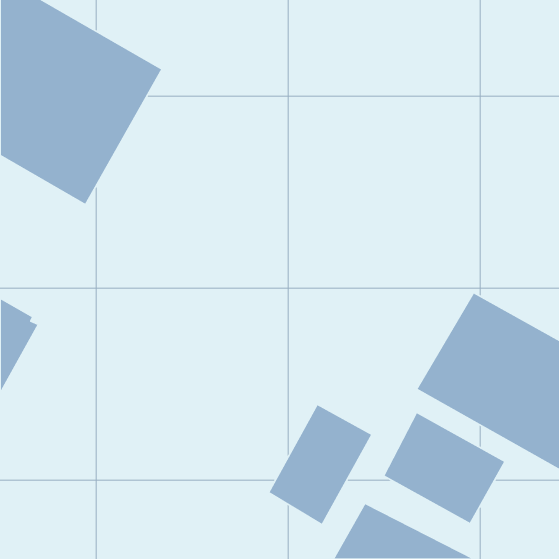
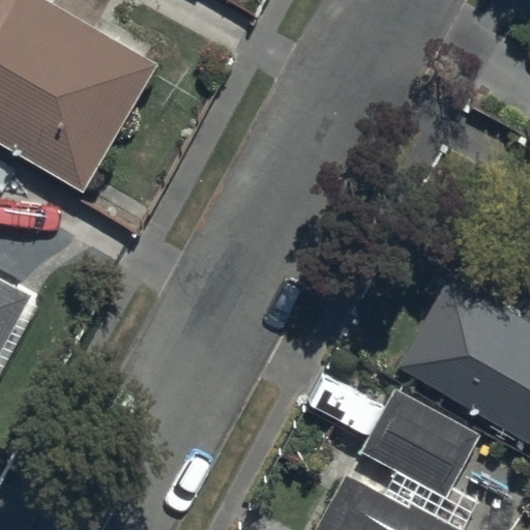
building: [268,404,372,525] -> none

